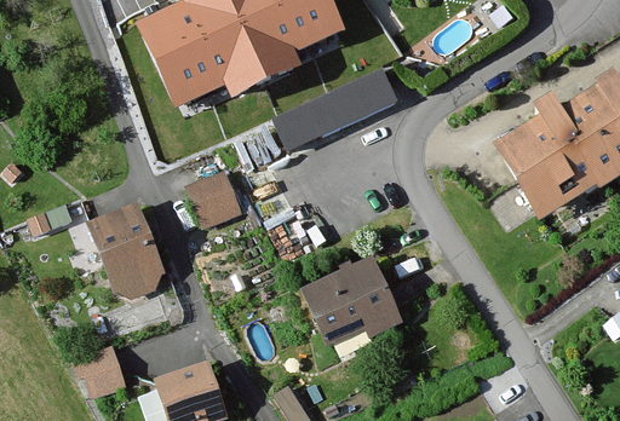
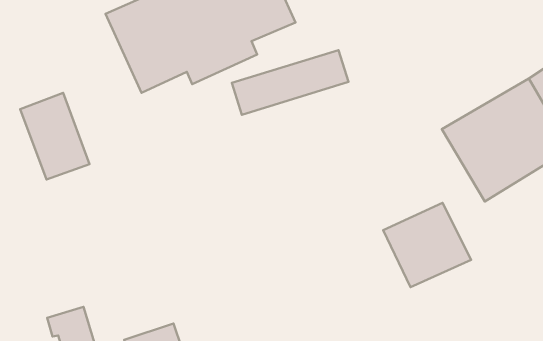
building: [182,169,236,225] -> none
building: [92,203,168,299] -> [20,93,89,179]
building: [305,258,402,351] -> [383,203,471,287]

